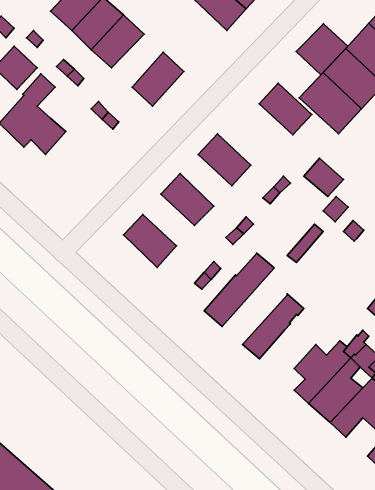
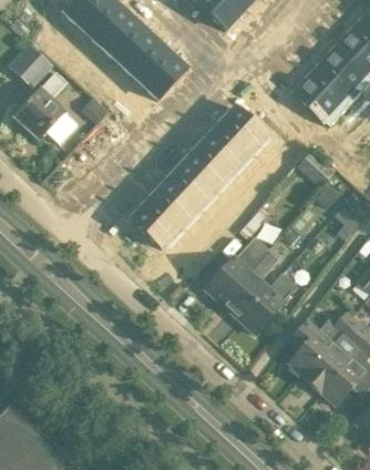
building: [296,24,348,75] -> none
building: none -> [120,34,167,83]
building: [259,83,312,135] -> [217,108,266,155]
building: none -> [183,145,230,193]
building: none -> [148,182,196,229]
building: none -> [222,251,281,320]

